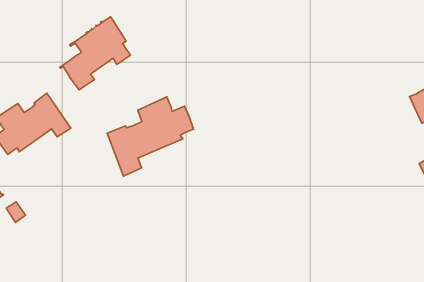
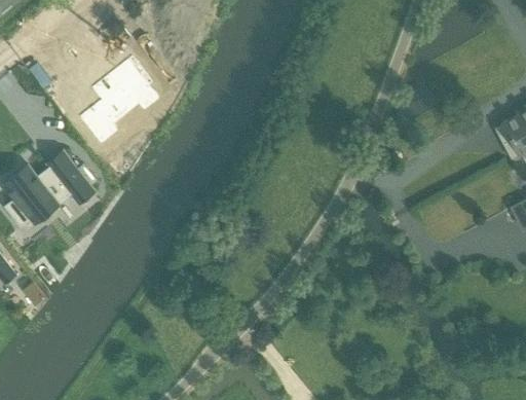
building: [107,97,194,176] -> none

